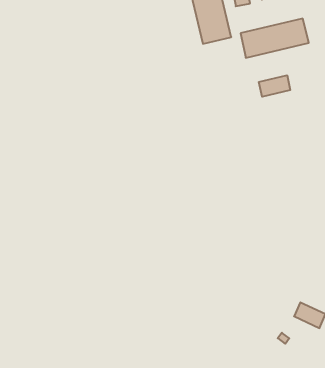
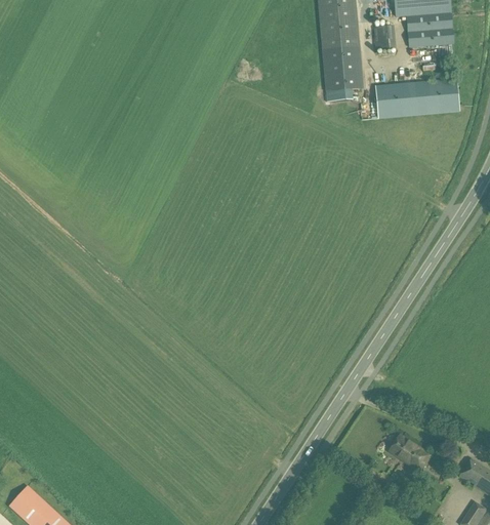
building: [259,75,290,97] -> none

